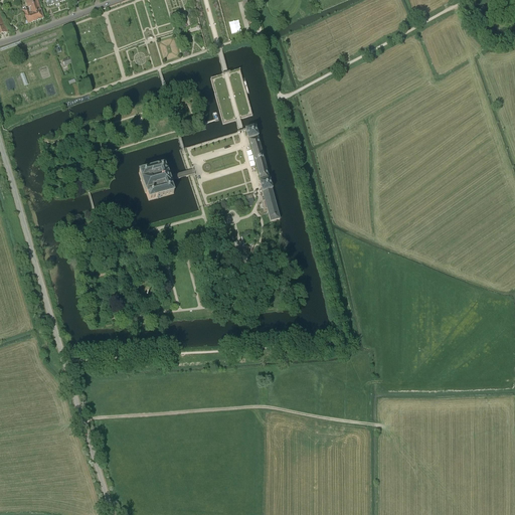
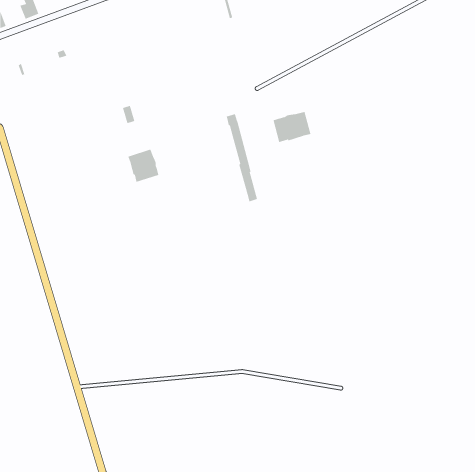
building: none -> [273,111,311,143]

